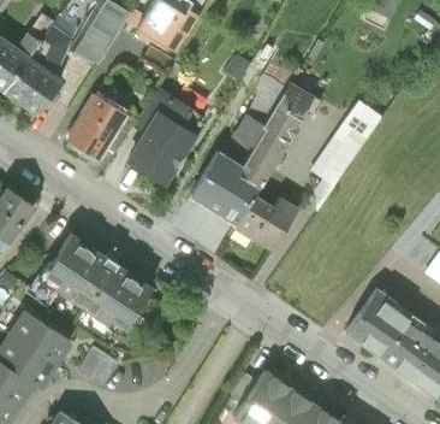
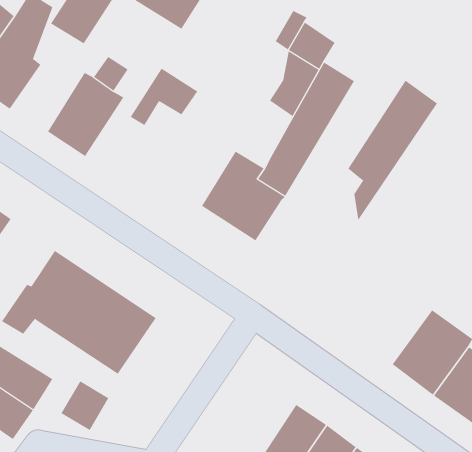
building: [226,117,266,163] -> none
building: [126,118,197,194] -> none
building: [236,198,297,253] -> none

